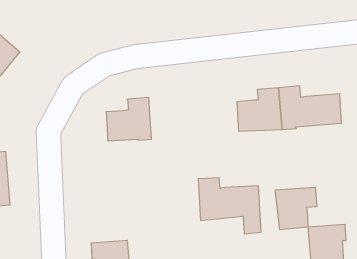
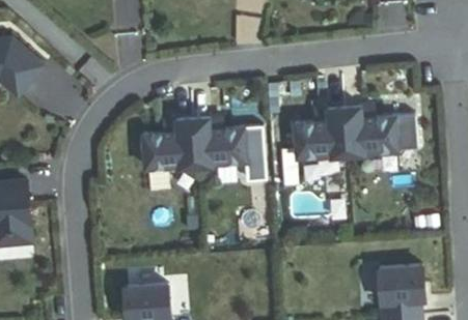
building: [198,178,261,234] -> [192,117,266,182]
building: [275,187,317,230] -> none

